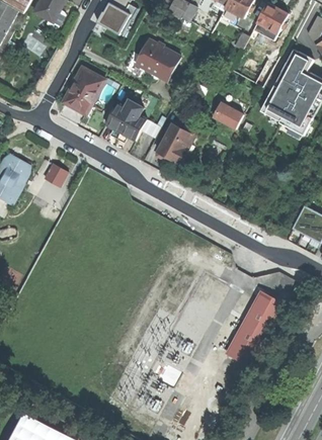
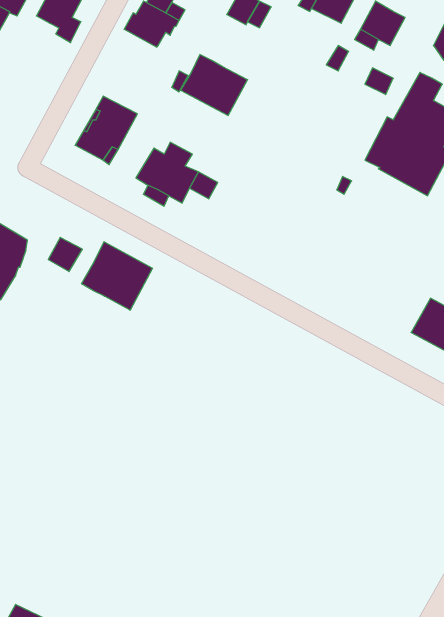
building: [213,101,244,128] -> none
building: [157,123,196,163] -> none
building: none -> [82,242,152,310]
building: [227,291,284,365] -> none

